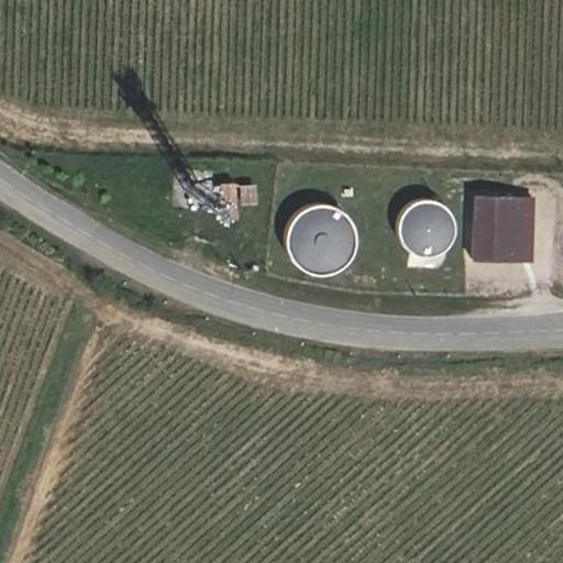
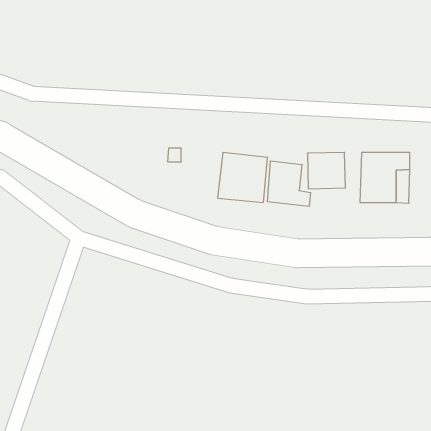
building: none -> [268,161,311,206]

